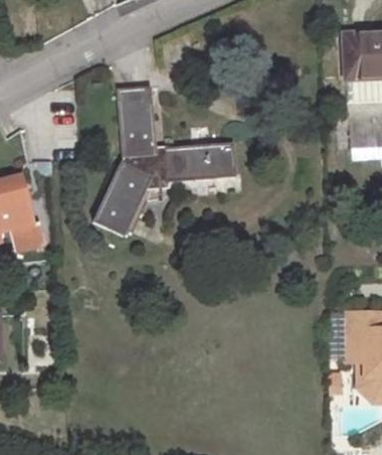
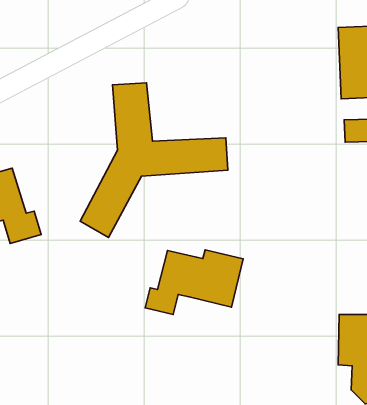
building: none -> [145,250,243,315]

